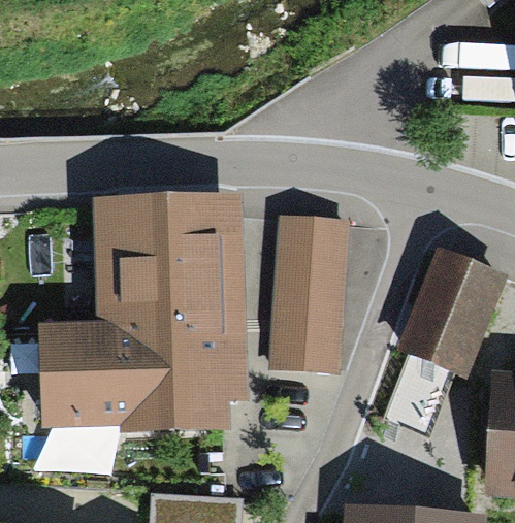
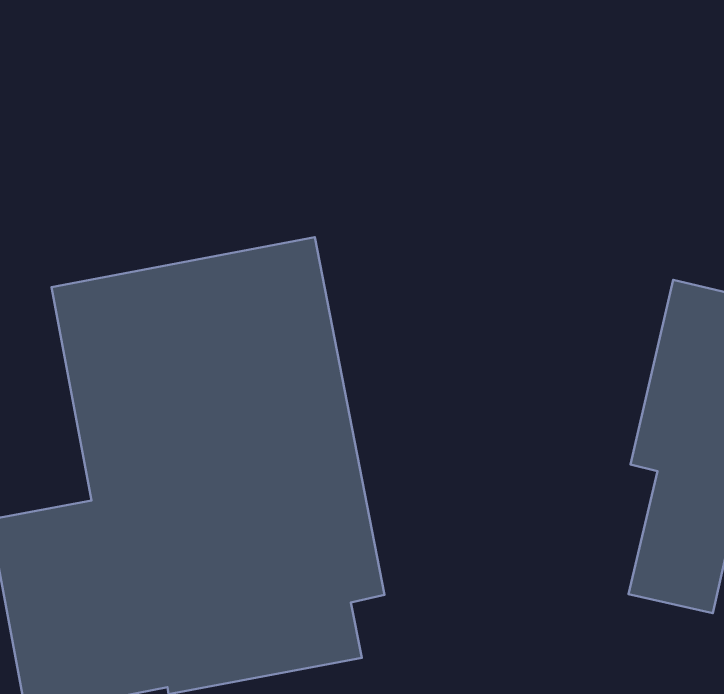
building: [269,213,349,369] -> none

